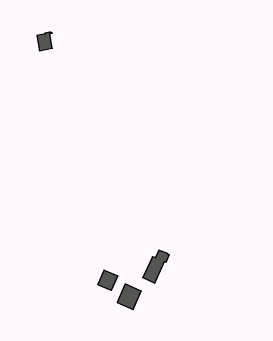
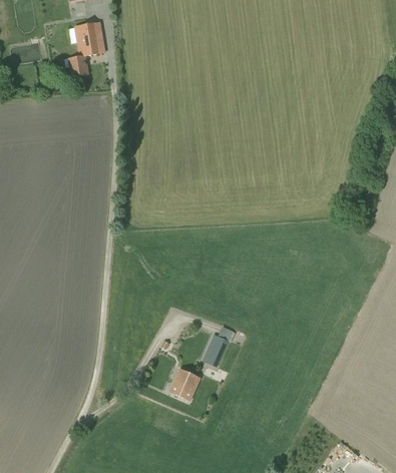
building: none -> [75,22,104,54]
building: [98,270,118,290] -> none

